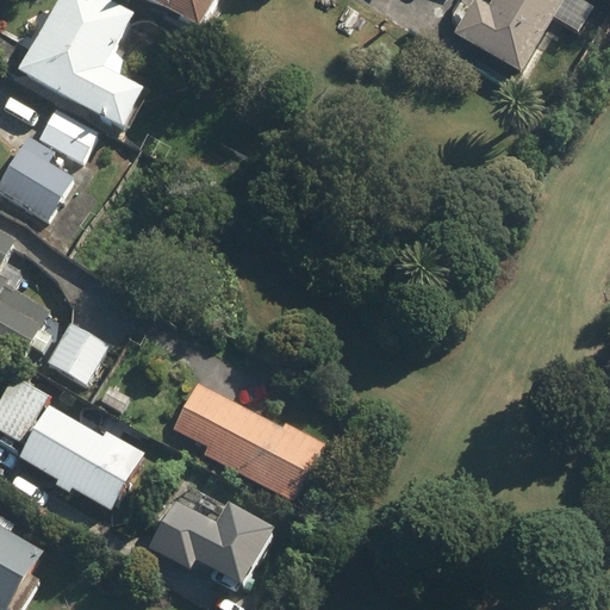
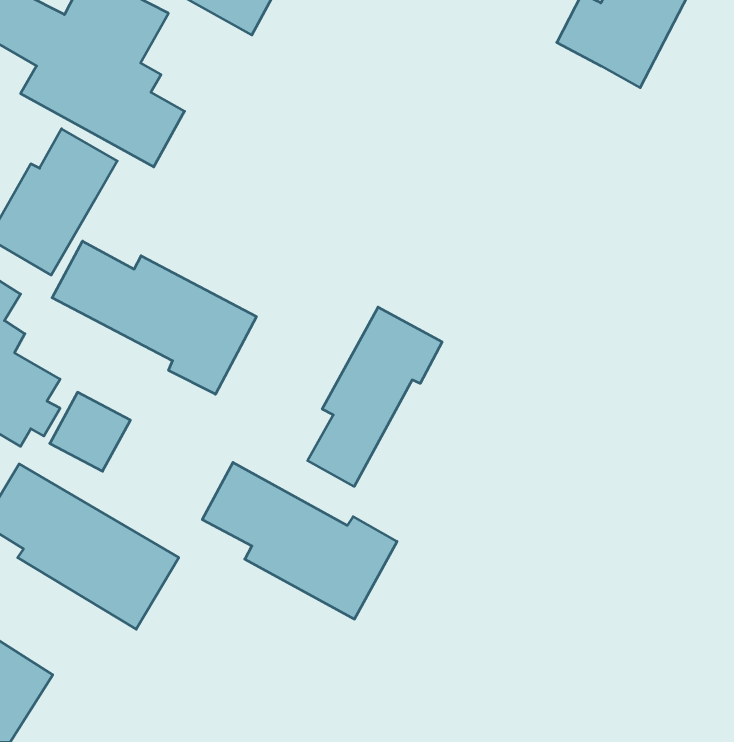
building: none -> [52,241,256,394]
building: none -> [308,307,442,486]
building: [139,494,269,583] -> none

